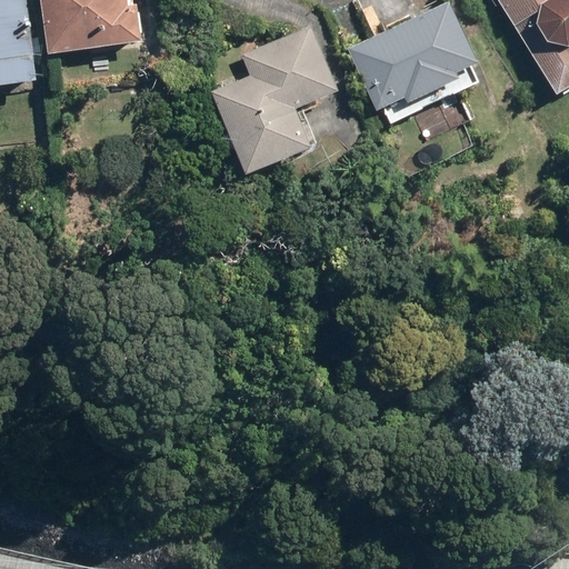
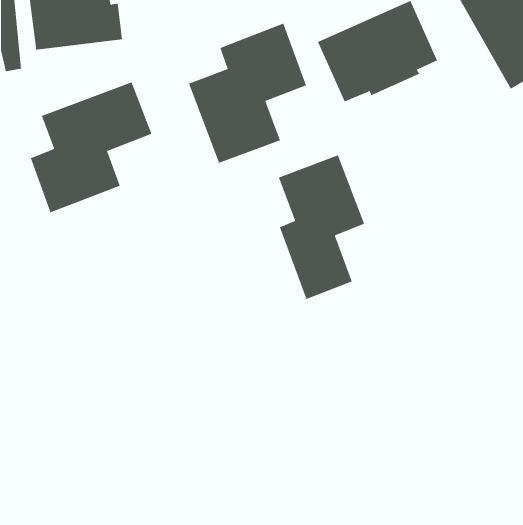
building: none -> [30,81,152,213]
building: none -> [278,154,365,300]

